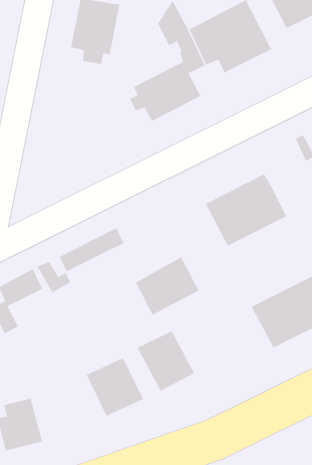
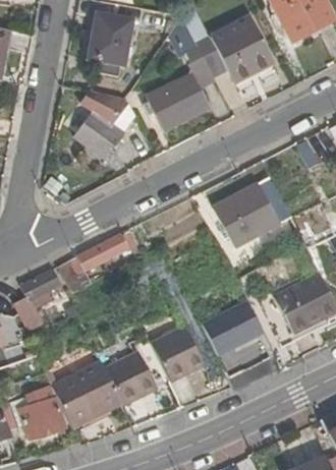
building: none -> [73,89,138,159]
building: [135,256,200,316] -> [203,300,264,356]
building: none -> [52,367,121,433]

